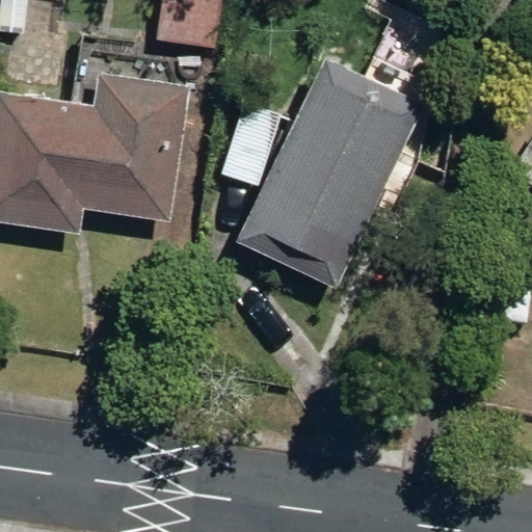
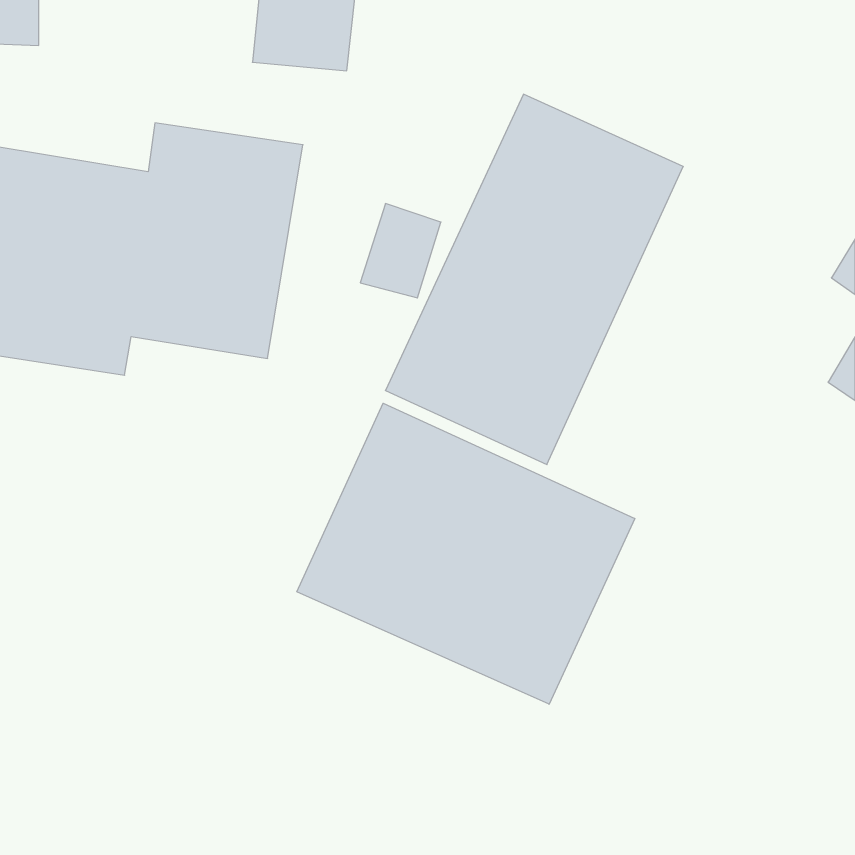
building: none -> [297,403,635,704]

